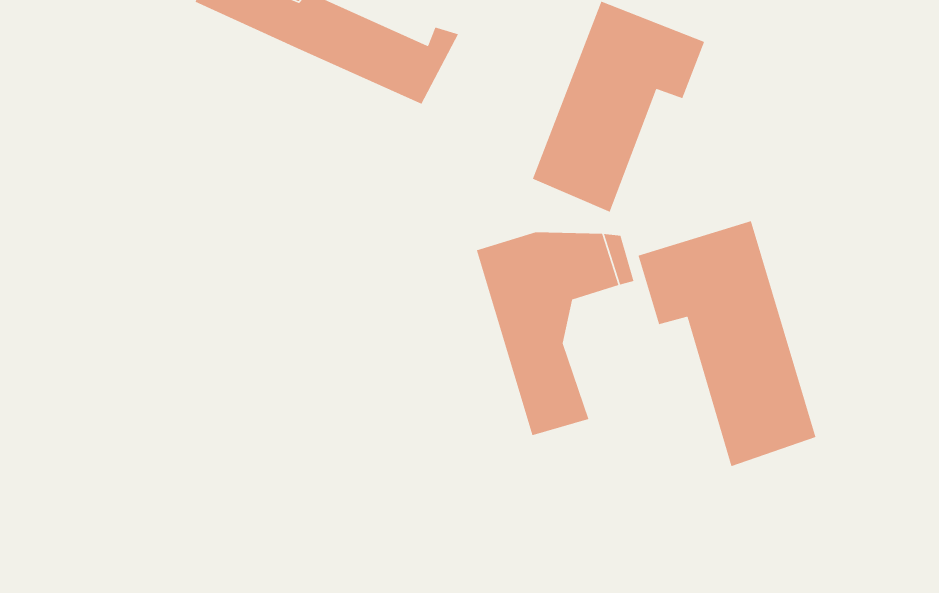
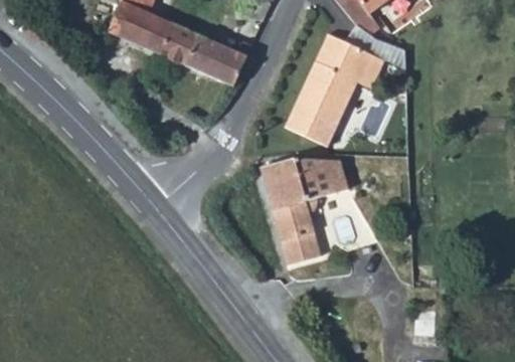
building: [637,220,817,467] -> none

